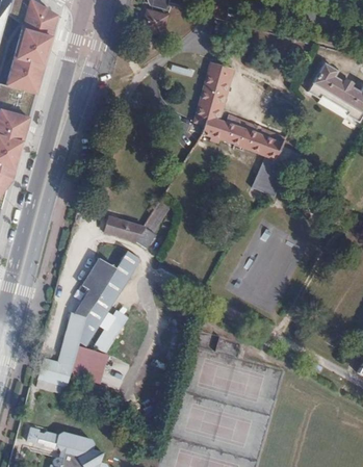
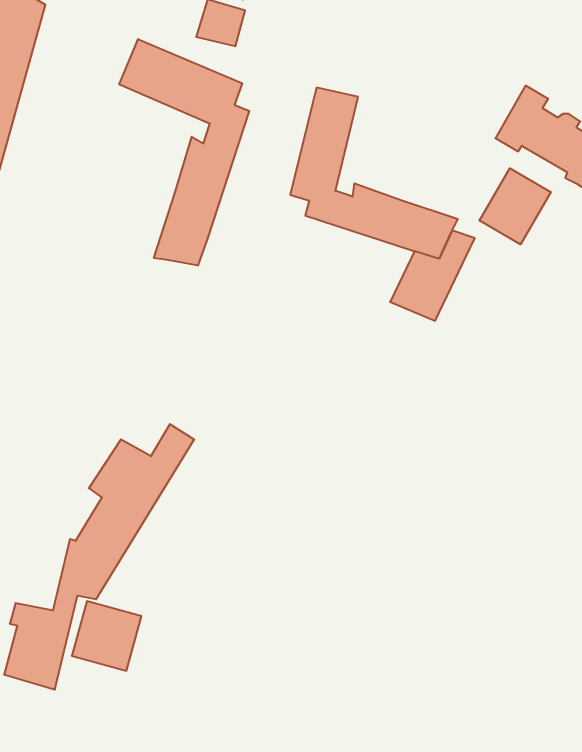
building: none -> [119,39,249,266]
building: none -> [479,168,551,244]
building: [104,198,173,248] -> none

